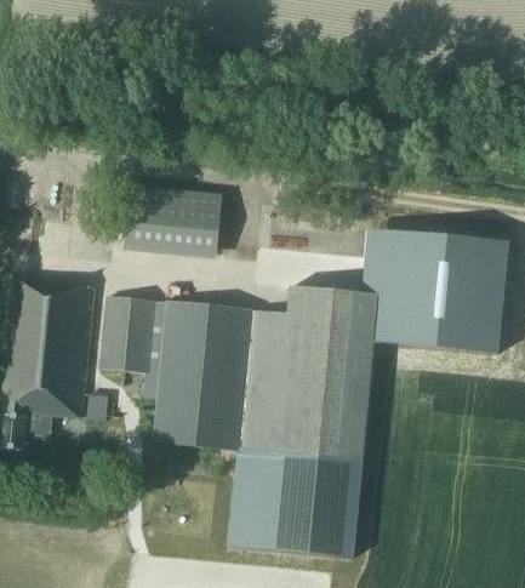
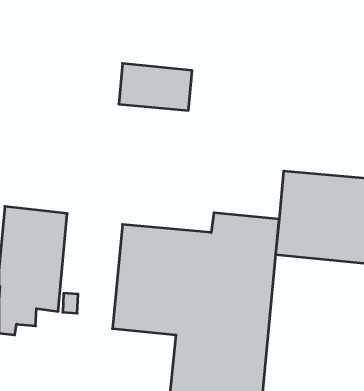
building: [124,188,222,251] -> [119,63,192,110]
building: [101,296,155,373] -> none

